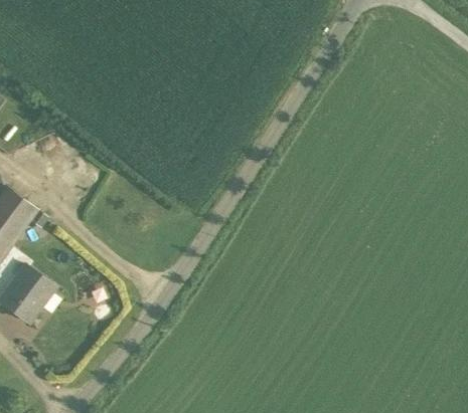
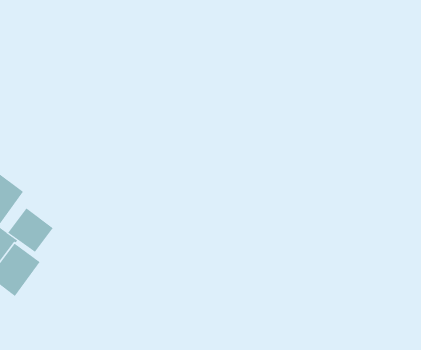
building: none -> [7,207,53,253]

